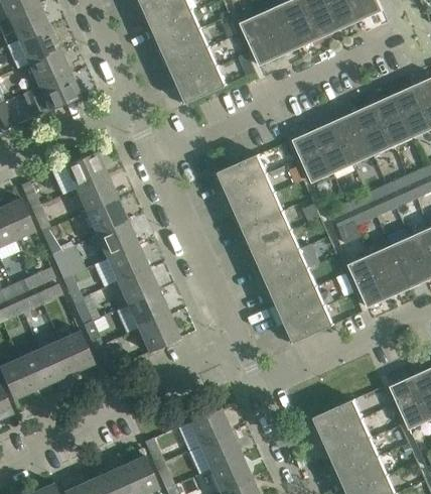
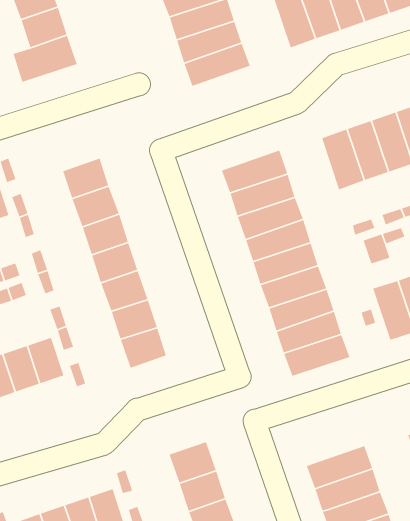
building: [64,151,107,189] -> none

